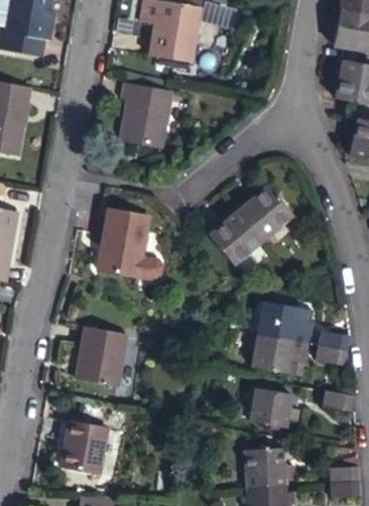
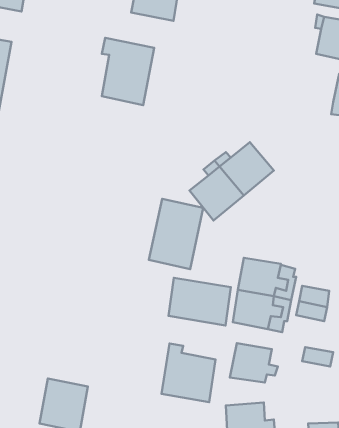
building: [98,207,152,277] -> [149,199,203,269]
building: none -> [169,278,231,325]
building: [69,326,121,387] -> none
building: none -> [161,343,216,402]

